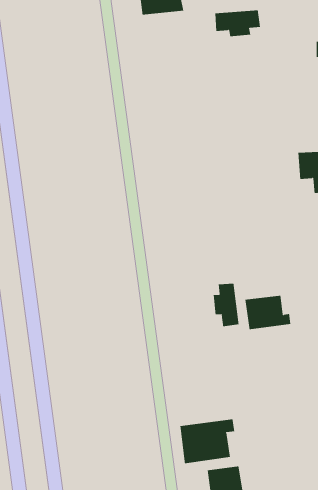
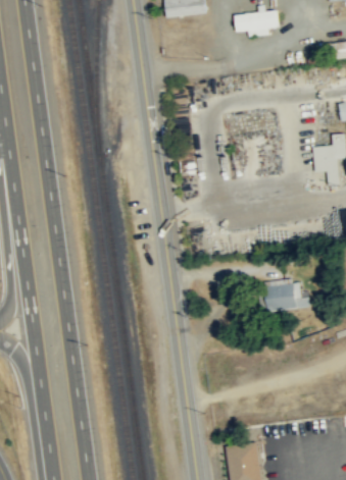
building: [213,283,239,327] -> none
building: [180,418,235,464] -> none

